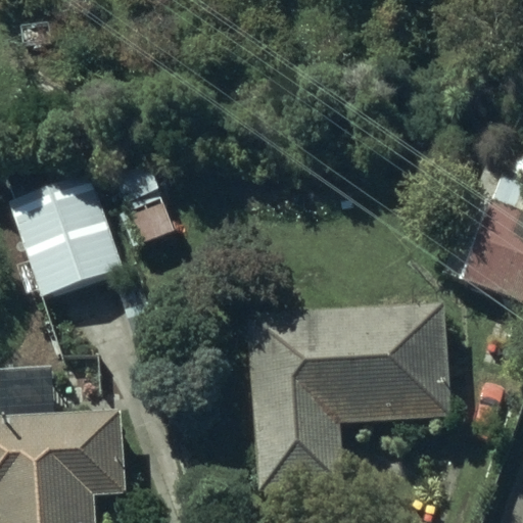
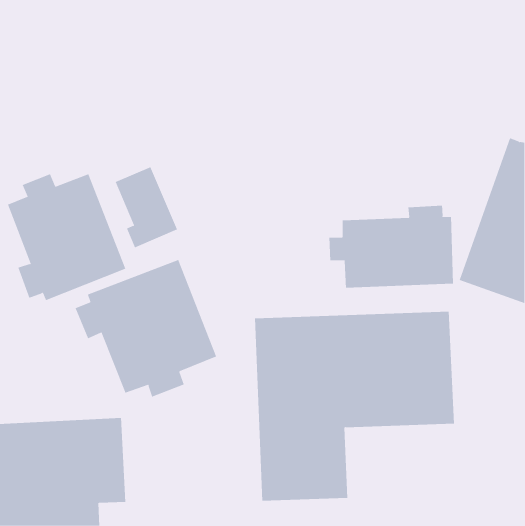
building: none -> [329,205,454,289]
building: none -> [75,259,217,398]

